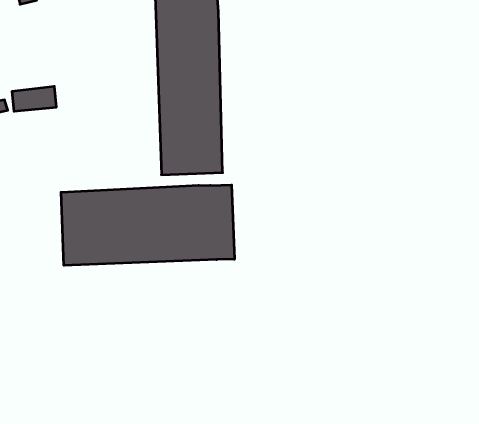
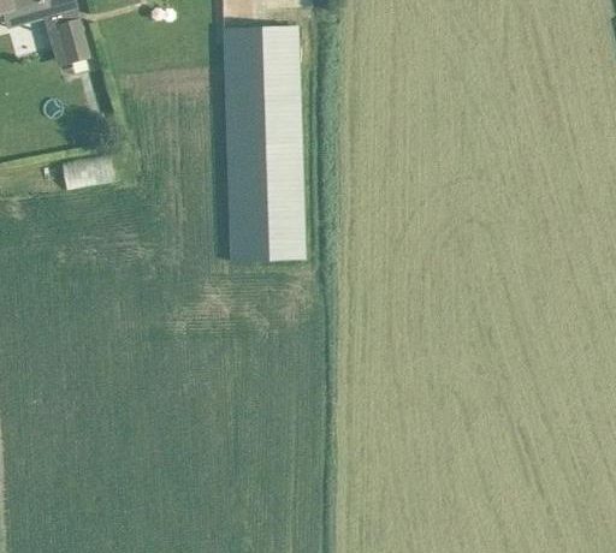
building: [61,185,234,265] -> none

